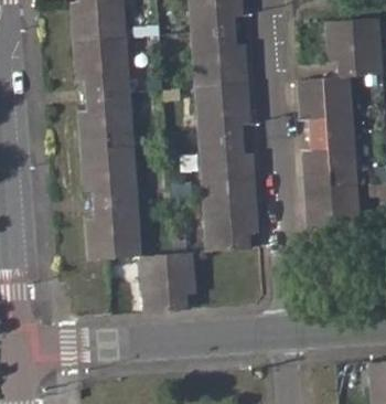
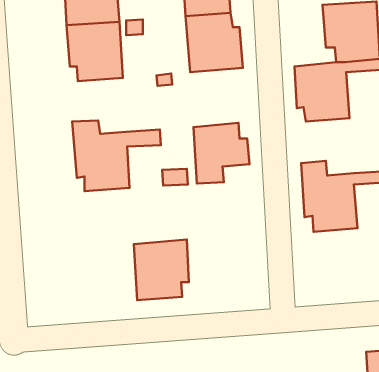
building: [195,83,250,141] -> none
building: [78,93,132,148] -> none
building: [302,132,356,189] -> none
building: [202,178,257,251] -> none
building: [86,201,140,259] -> none

